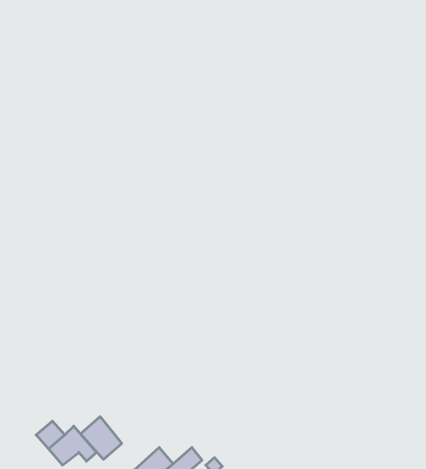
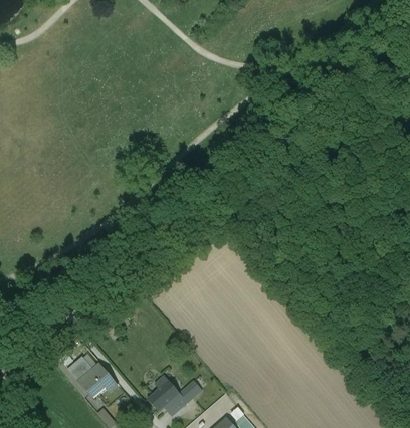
building: [80,417,122,459] -> none

